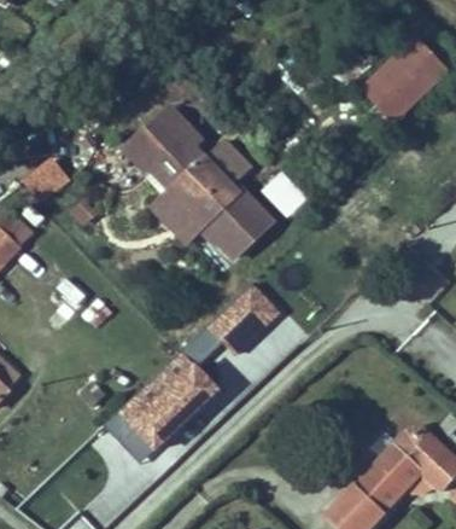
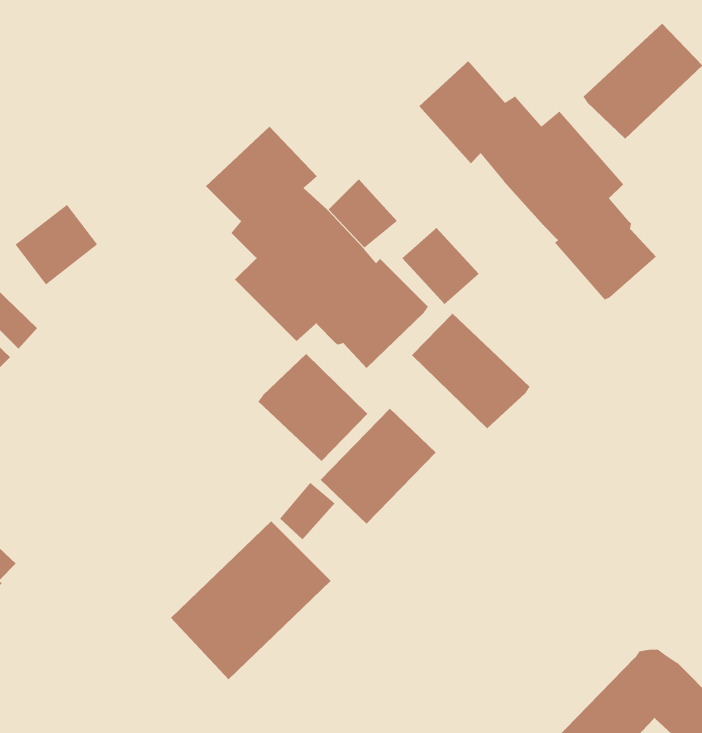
building: none -> [418,60,657,301]
building: none -> [411,313,530,429]
building: none -> [257,353,368,462]

